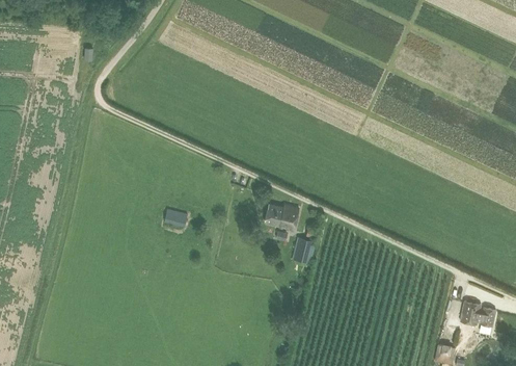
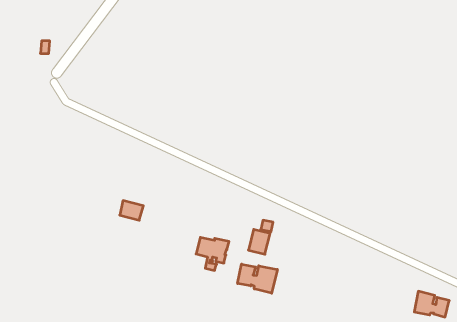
building: [265,203,298,236] -> [196,237,229,270]
building: none -> [238,264,277,293]

